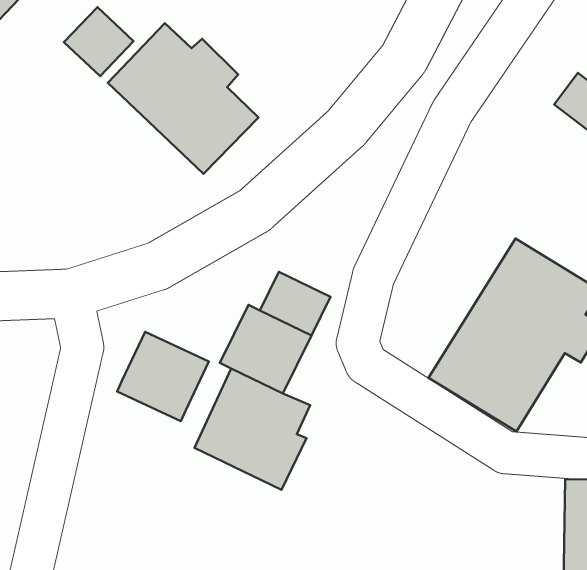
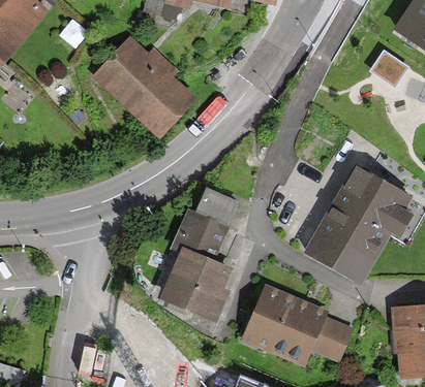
building: [64,7,134,76] -> none
building: [117,332,209,421] -> none
building: none -> [240,284,348,360]

